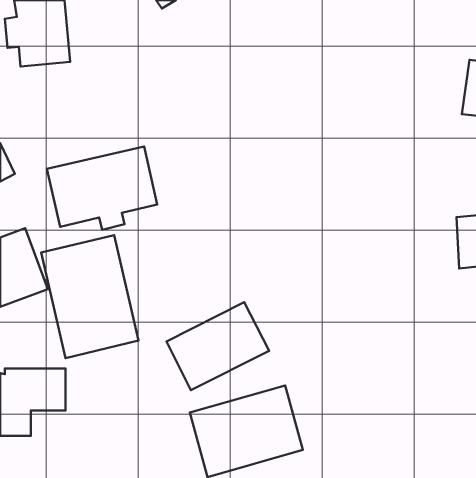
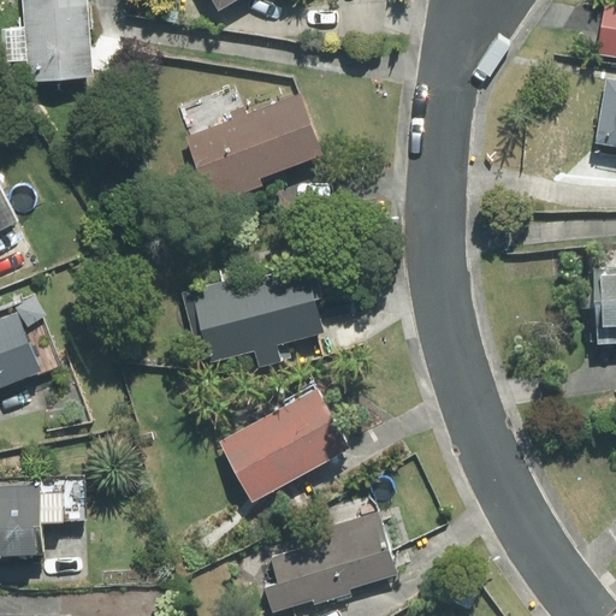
building: none -> [179,82,322,199]
building: [47,146,157,230] -> [182,261,324,368]
building: [41,235,138,358] -> none

